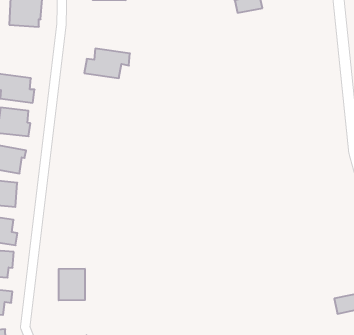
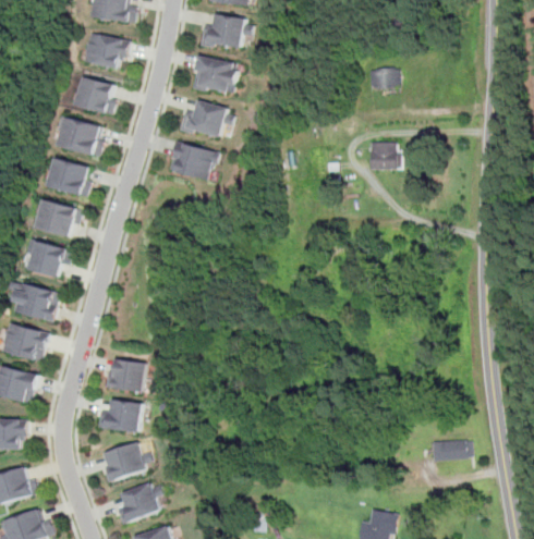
building: none -> [184,59,230,96]
building: none -> [78,75,121,114]
building: none -> [363,142,397,169]
building: none -> [163,146,213,185]
building: none -> [87,399,134,436]

